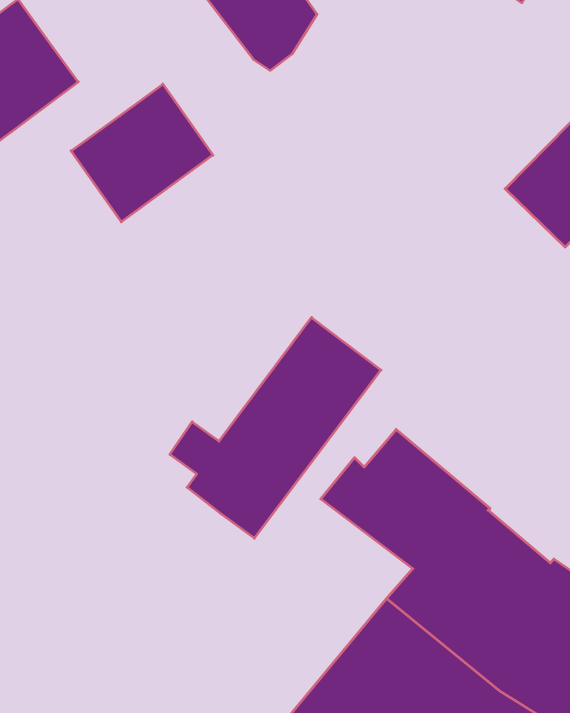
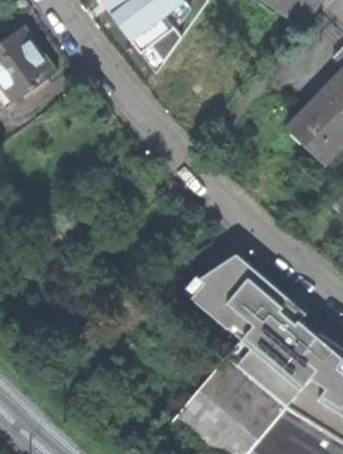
building: [71,84,213,222] -> none
building: [170,317,381,538] -> none

